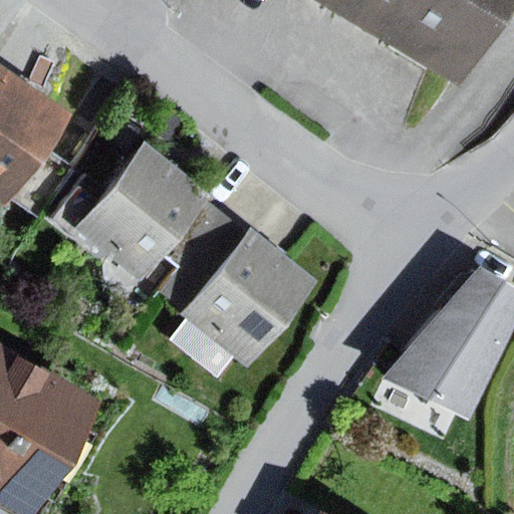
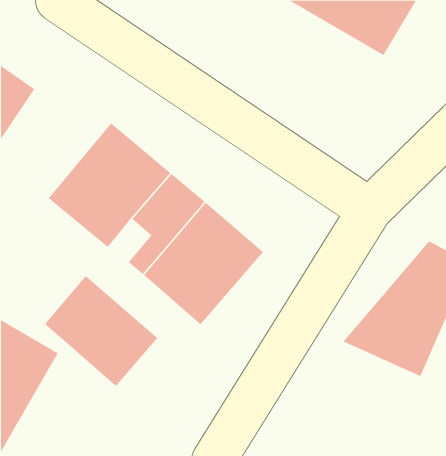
building: none -> [44,275,158,387]

